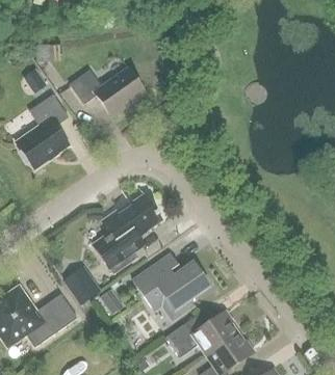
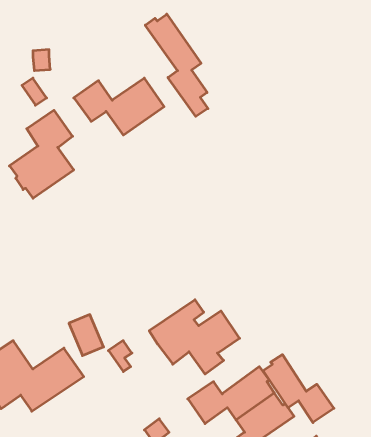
building: none -> [145,14,208,116]
building: [93,186,161,273] -> none
building: none -> [263,355,334,423]

